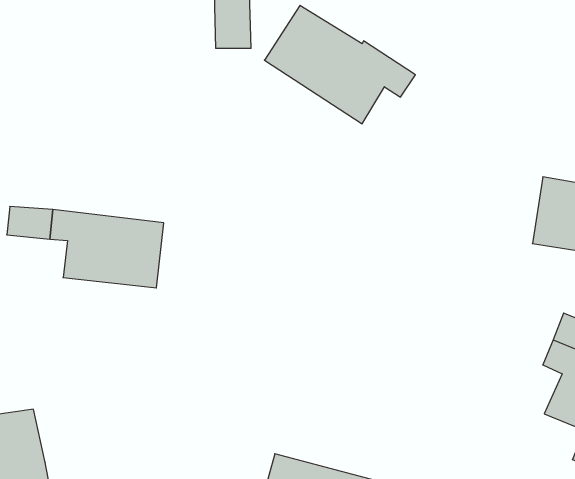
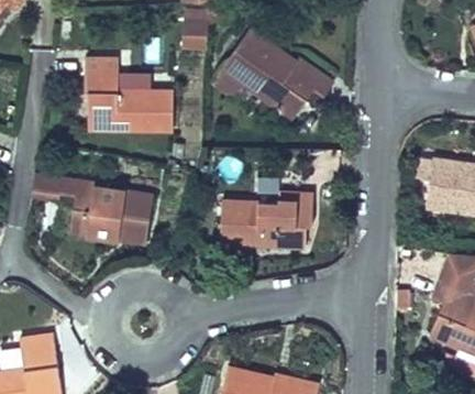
building: none -> [86,35,180,123]
building: none -> [228,199,321,256]

